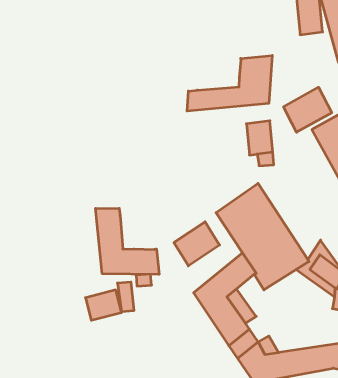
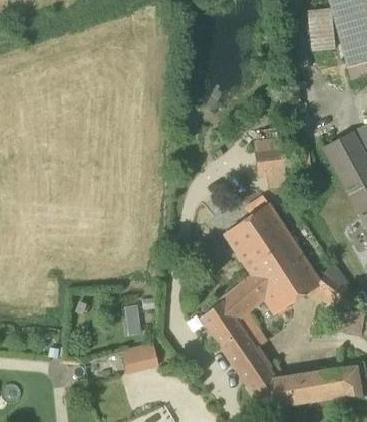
building: [187,55,272,111] -> none
building: [284,87,332,132] -> none
building: [96,208,159,274] -> none
building: [174,222,220,266] -> none
building: [85,290,122,320] -> [121,341,158,372]

